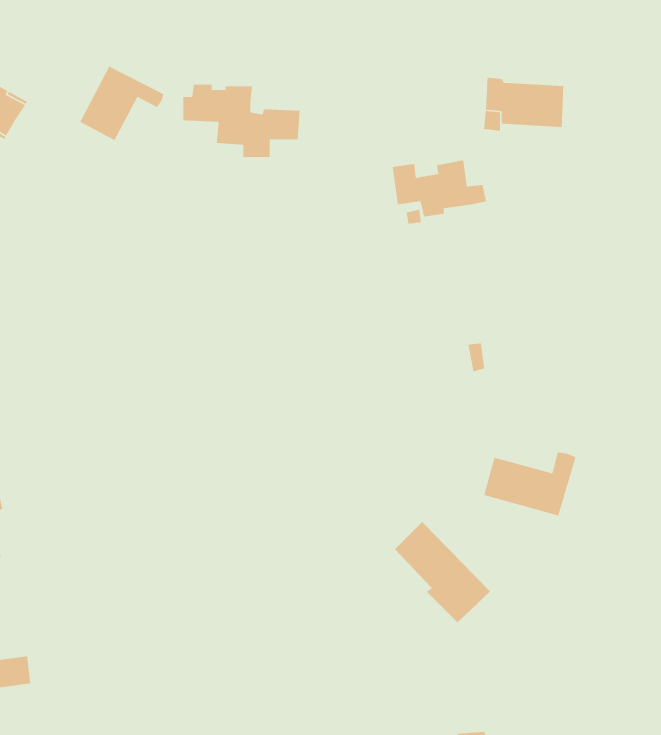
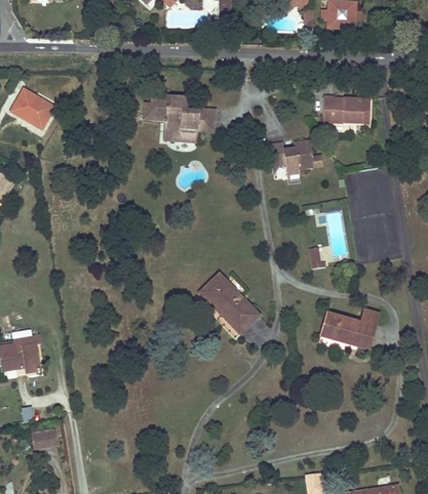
building: [79,66,165,141] -> none
building: [394,521,491,623] -> [202,273,259,332]

